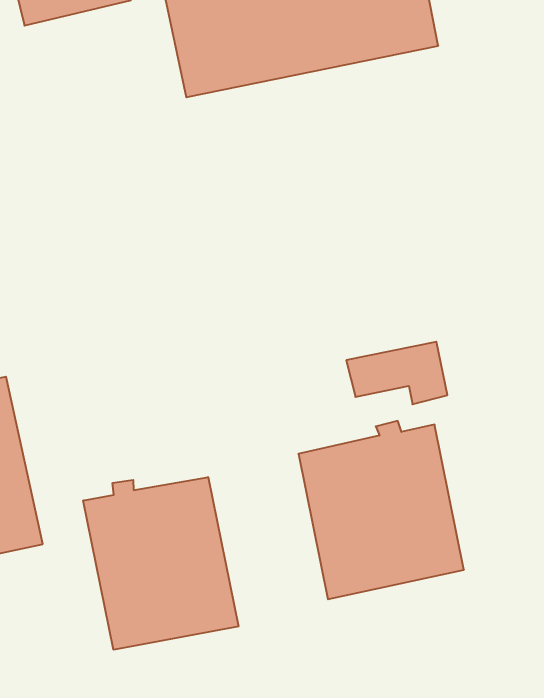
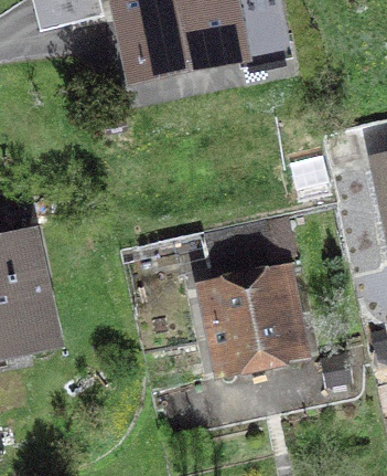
building: [83,477,238,650] -> none

